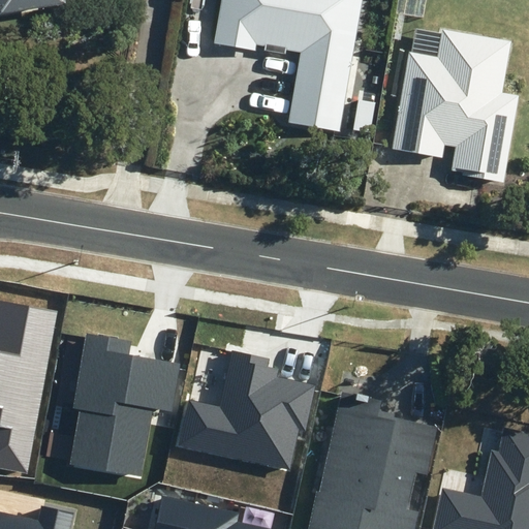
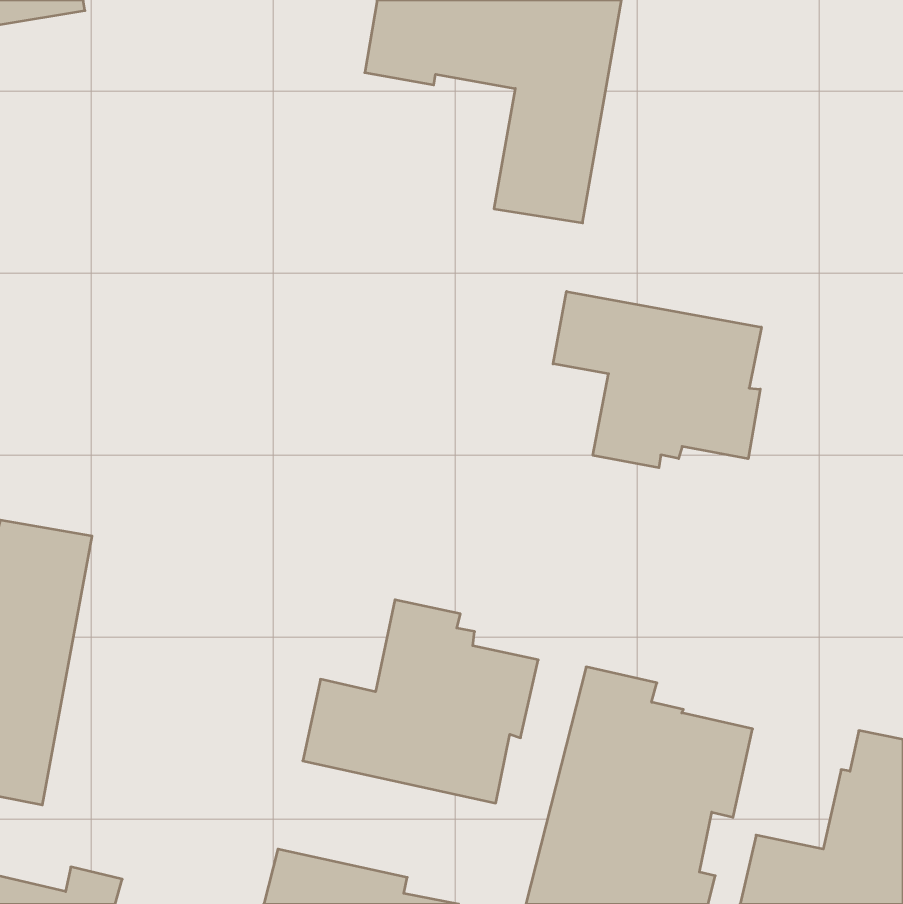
building: [391,29,517,181] -> none
building: none -> [553,291,761,468]
building: [70,332,180,475] -> none

